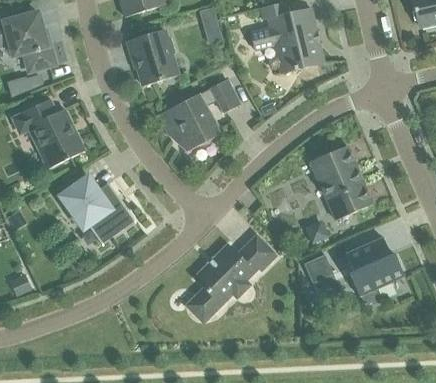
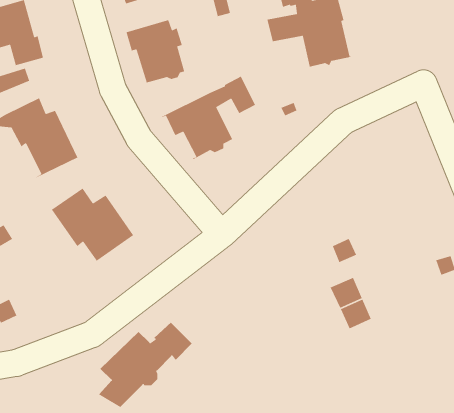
building: [310,146,372,220] -> none
building: [183,237,275,312] -> [87,322,193,408]
building: [345,237,404,304] -> none

